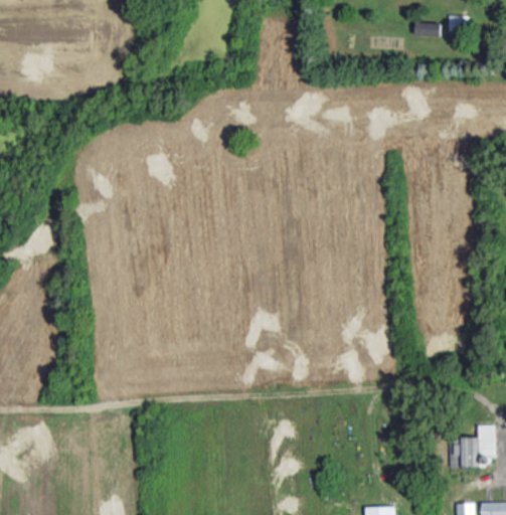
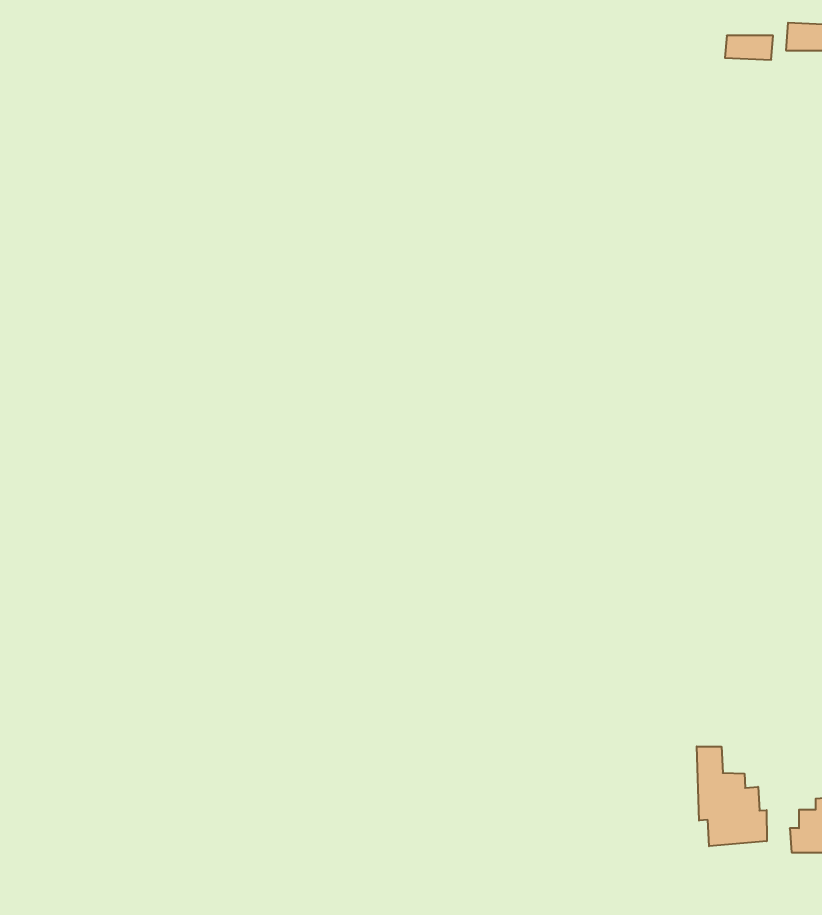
building: none -> [697,746,767,846]

